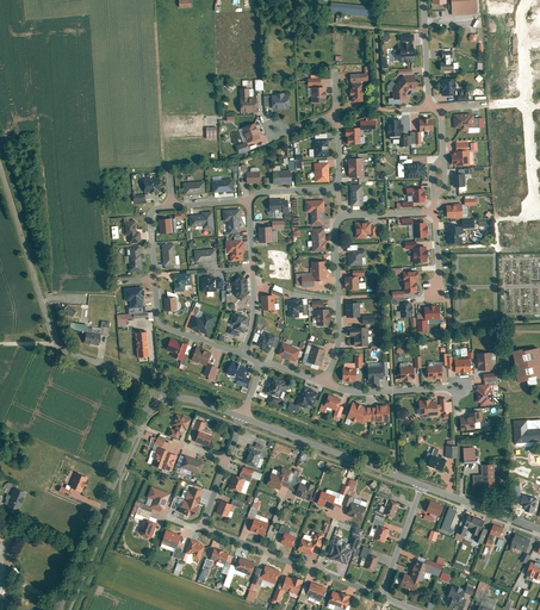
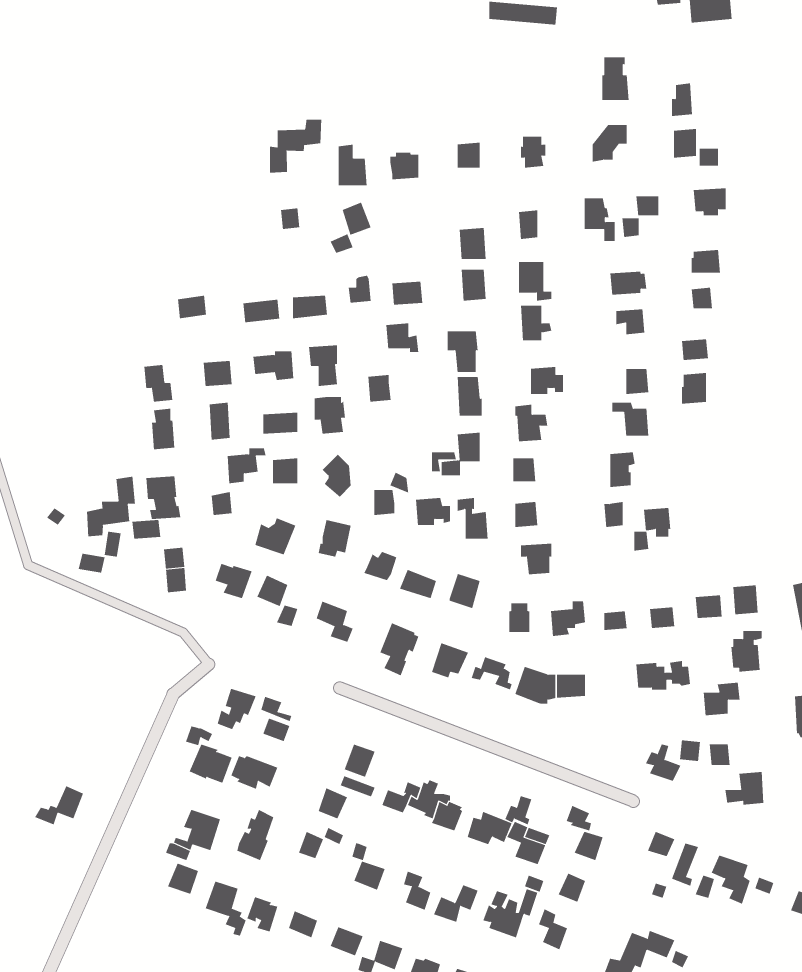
building: none -> [270,119,322,174]
building: none -> [87,476,136,537]

